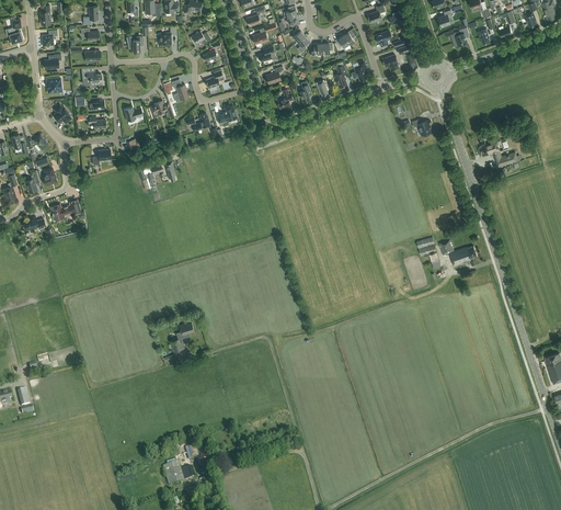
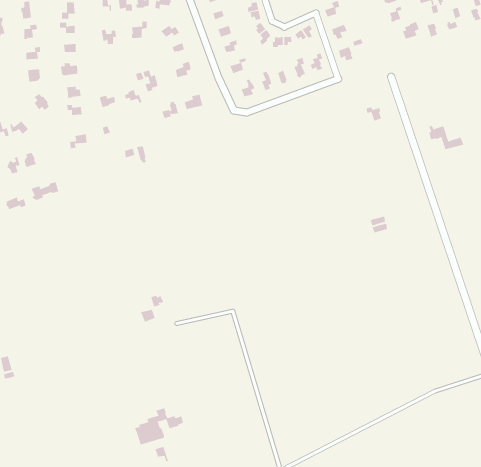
building: [439,239,478,265] -> none

